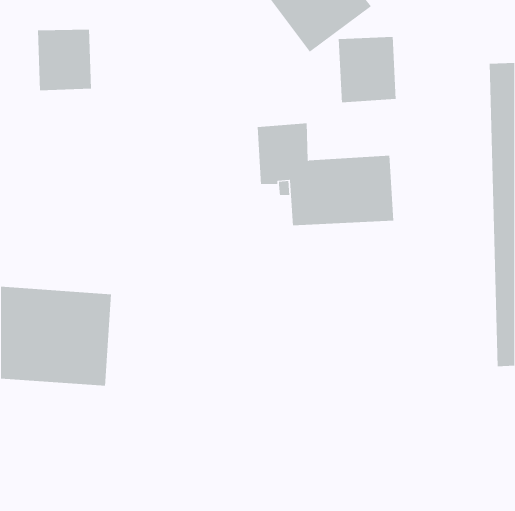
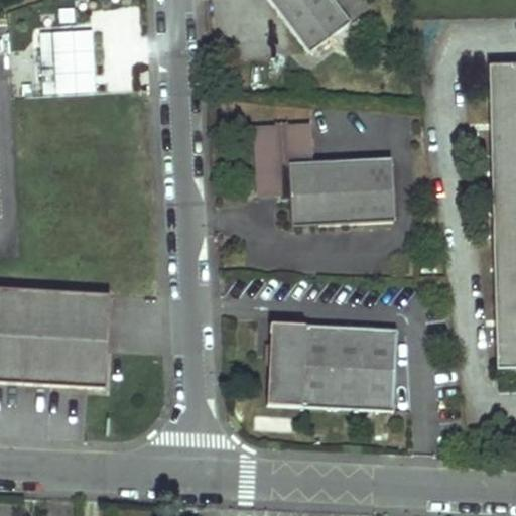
building: [338,36,396,103] -> none
building: none -> [267,321,398,410]

